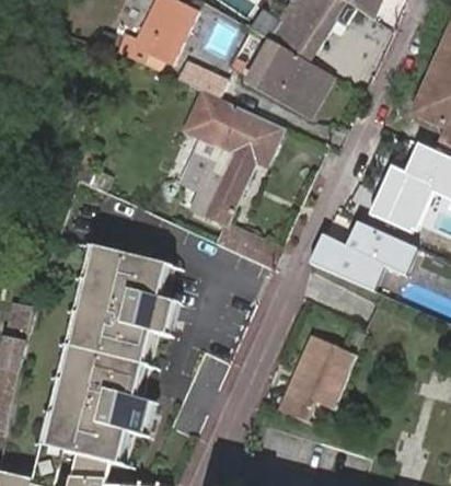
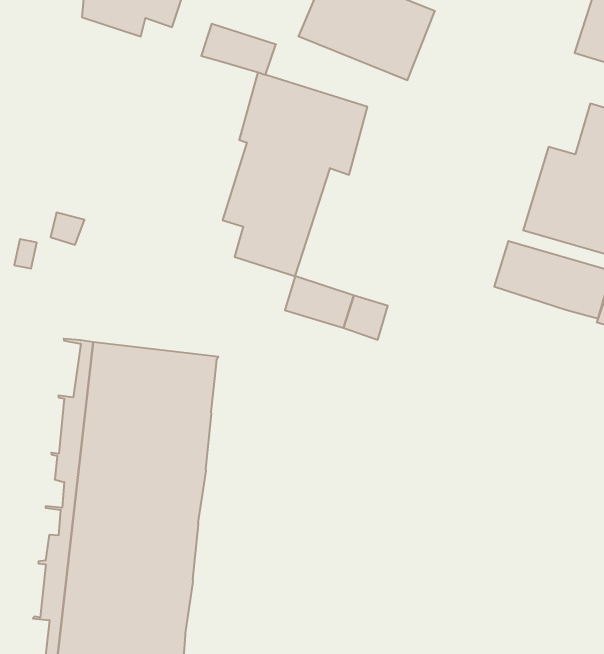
building: [183,90,220,138] -> none
building: [311,236,388,292] -> none
building: [271,329,359,428] -> none

